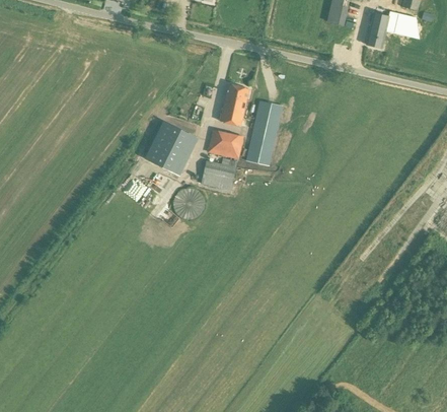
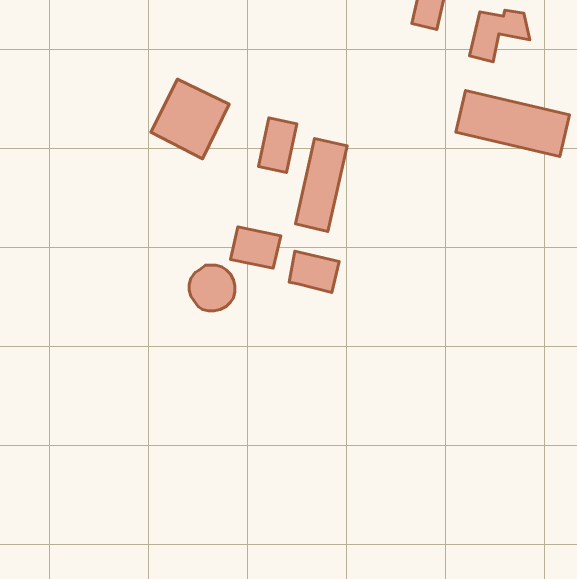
building: none -> [456,91,569,156]
building: [145,122,199,177] -> [151,79,229,159]
building: [209,130,243,158] -> [289,251,339,293]

